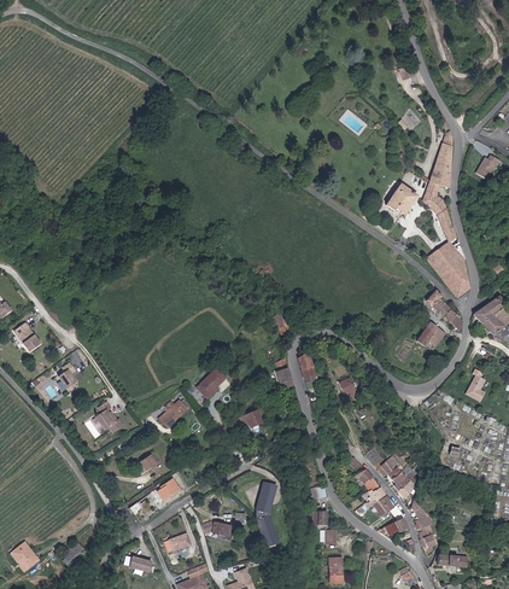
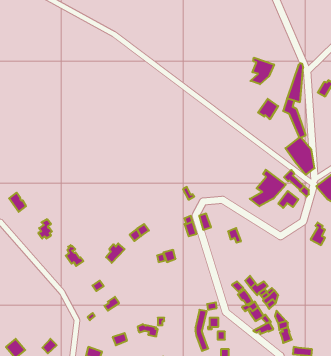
building: none -> [250,58,274,84]
building: none -> [250,170,286,206]
building: [256,483,275,544] -> [195,310,208,351]

